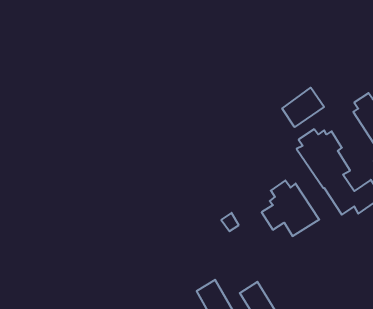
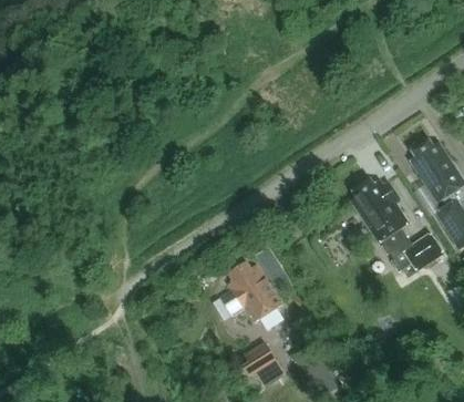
building: [282,88,324,127] -> none
building: [262,180,319,236] -> [220,261,282,321]

